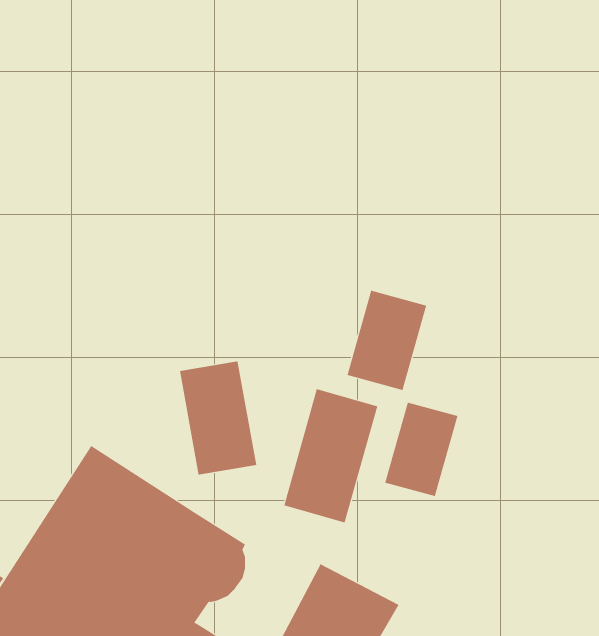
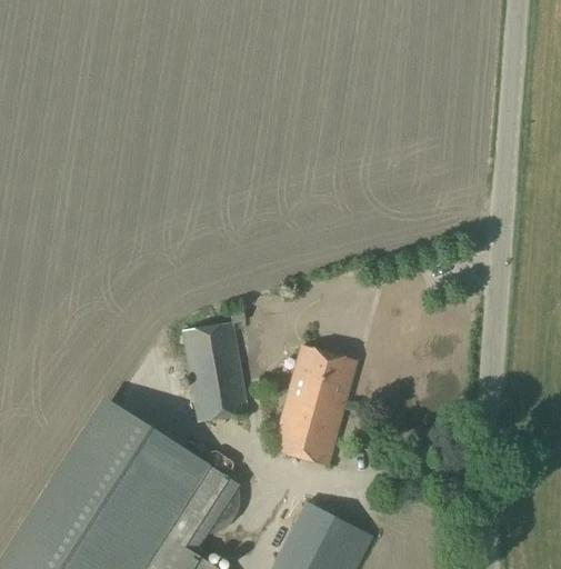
building: [347,290,427,391] -> none
building: [385,402,458,497] -> none

